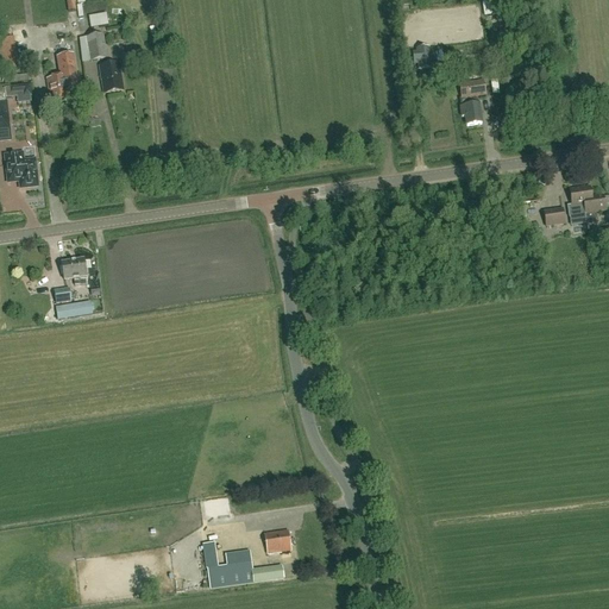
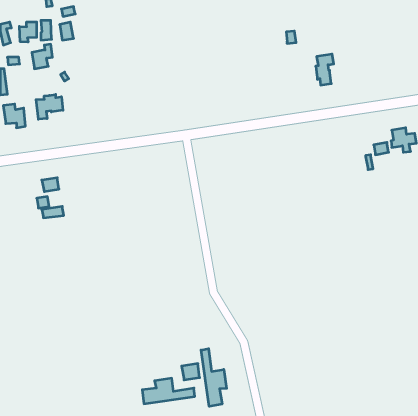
building: none -> [19,22,37,42]
building: [99,61,123,90] -> none
building: none -> [36,94,63,119]
building: none -> [201,349,227,406]

